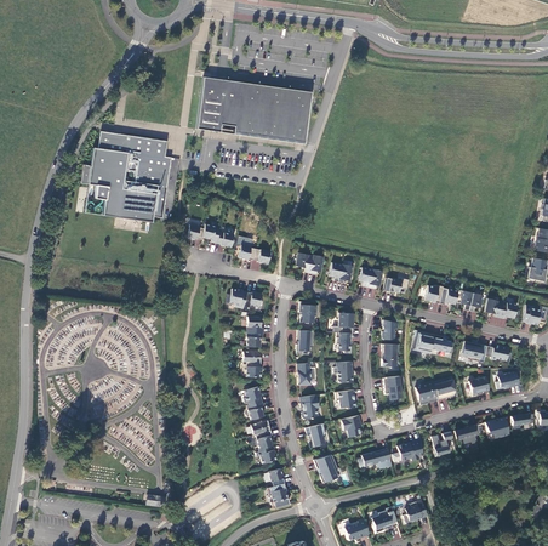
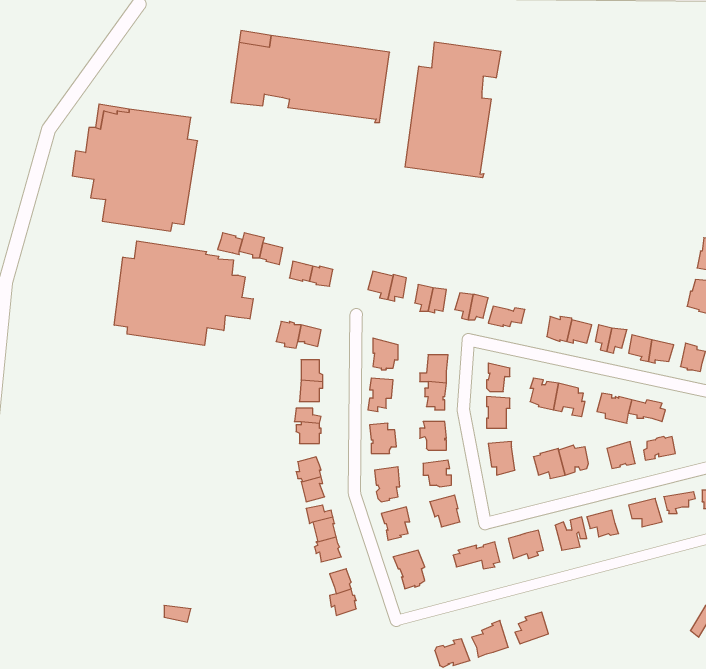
building: none -> [405,42,501,178]
building: none -> [114,241,253,345]

